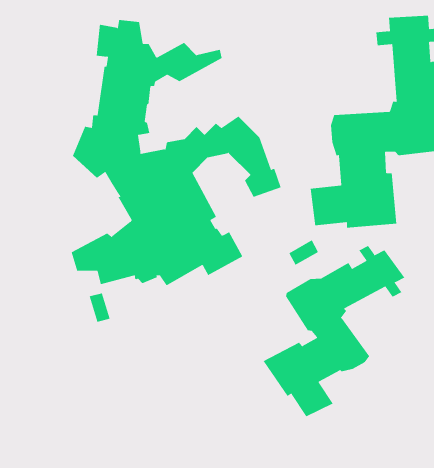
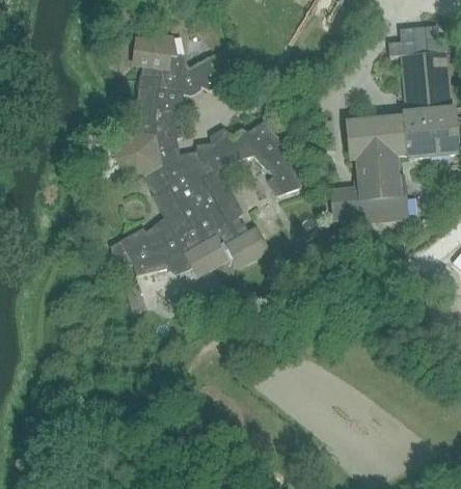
building: [263,245,405,417] -> none

